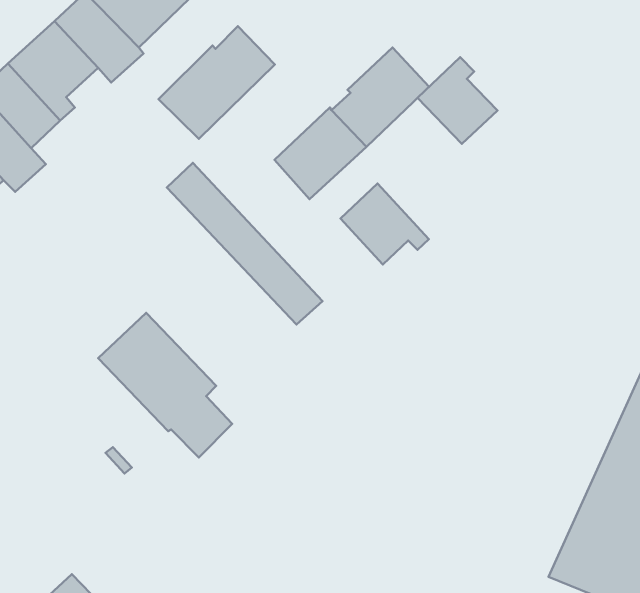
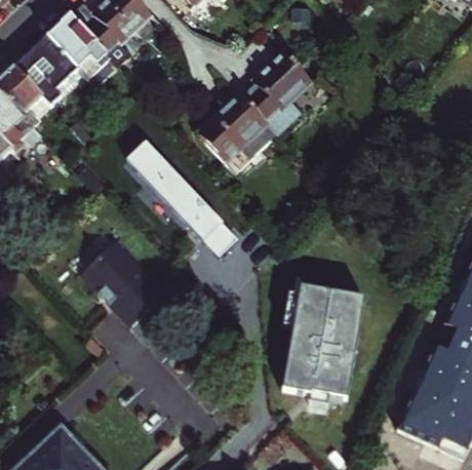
building: [159,26,275,139] -> none
building: [418,57,497,144] -> none
building: [341,183,429,265] -> none
building: none -> [280,283,362,402]

